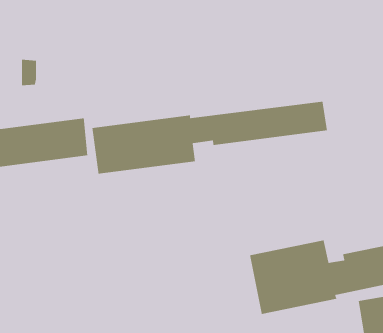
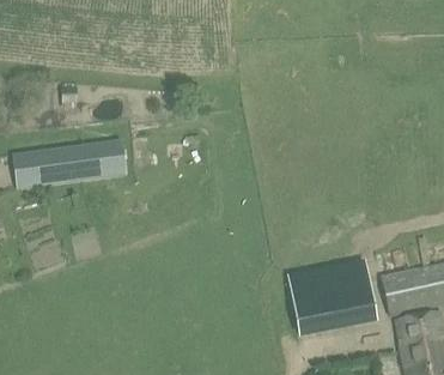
building: [91,101,328,175] -> none

